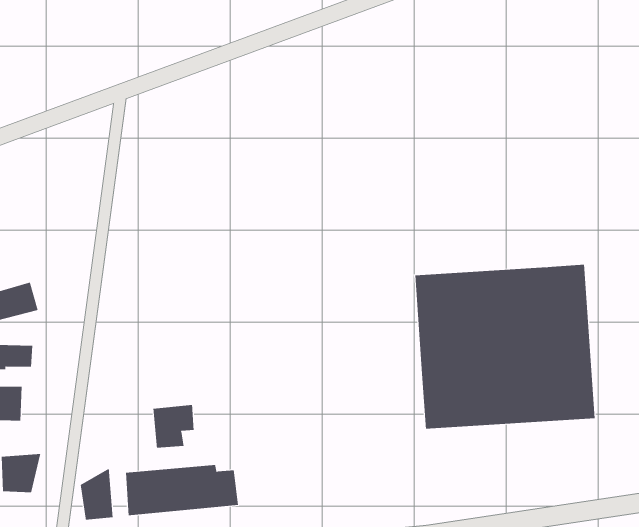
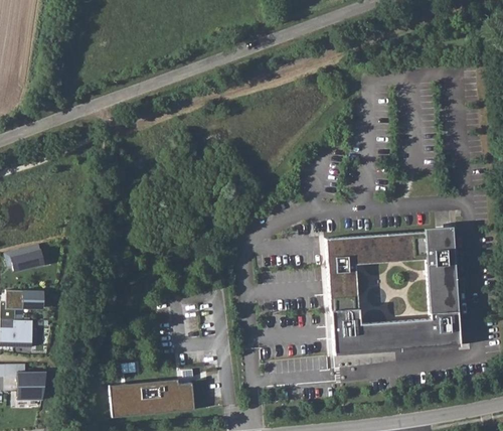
building: [153,404,194,448] -> none
building: [80,468,113,520] -> none

